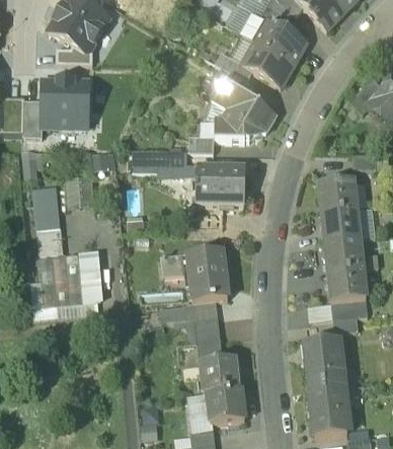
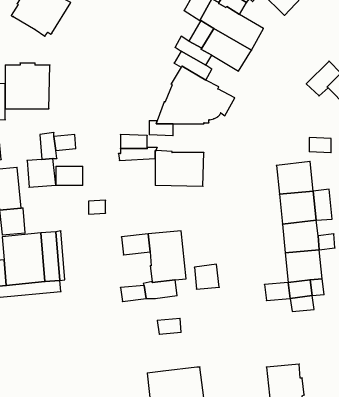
building: [56,45,93,63] -> none
building: [133,152,160,171] -> [56,166,83,185]
building: [195,316,221,342] -> [194,264,219,289]
building: [304,339,342,389] -> none
building: [201,358,240,393] -> none

